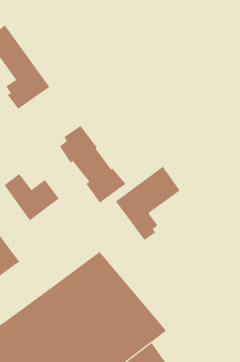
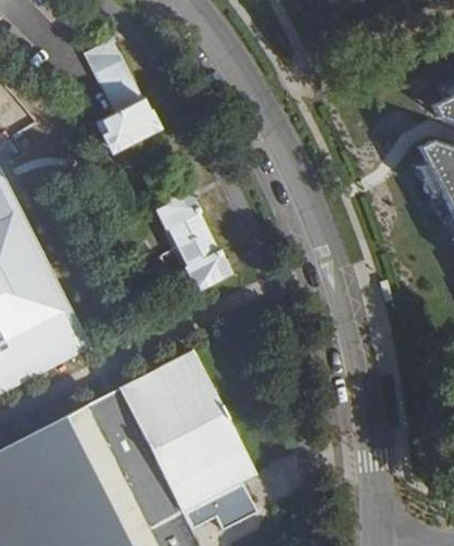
building: [115,166,181,241] -> none
building: [4,173,59,221] -> none

